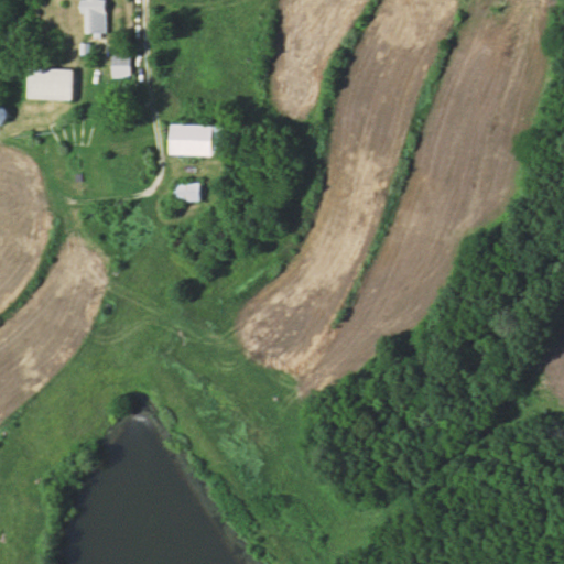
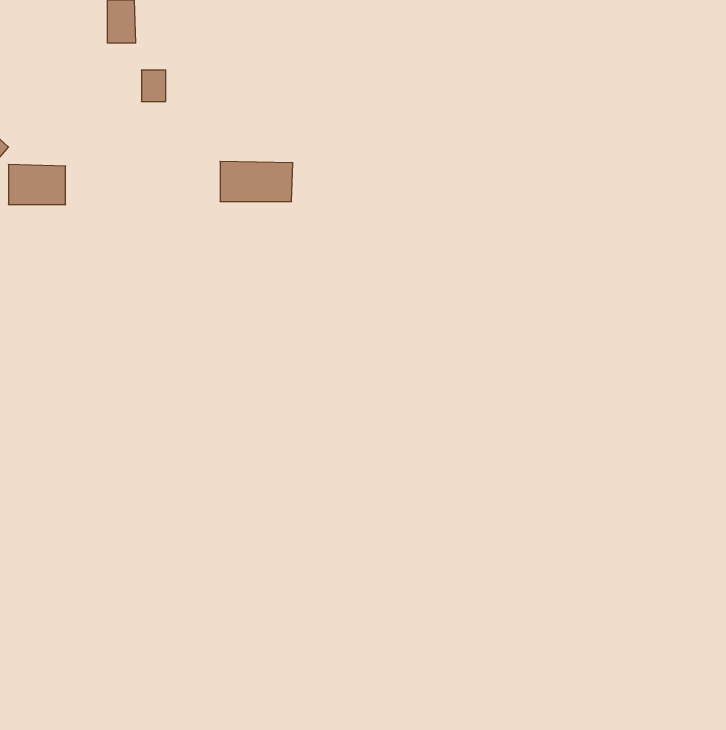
building: [28,68,72,99] -> [8,165,66,205]
building: [174,184,200,202] -> none

